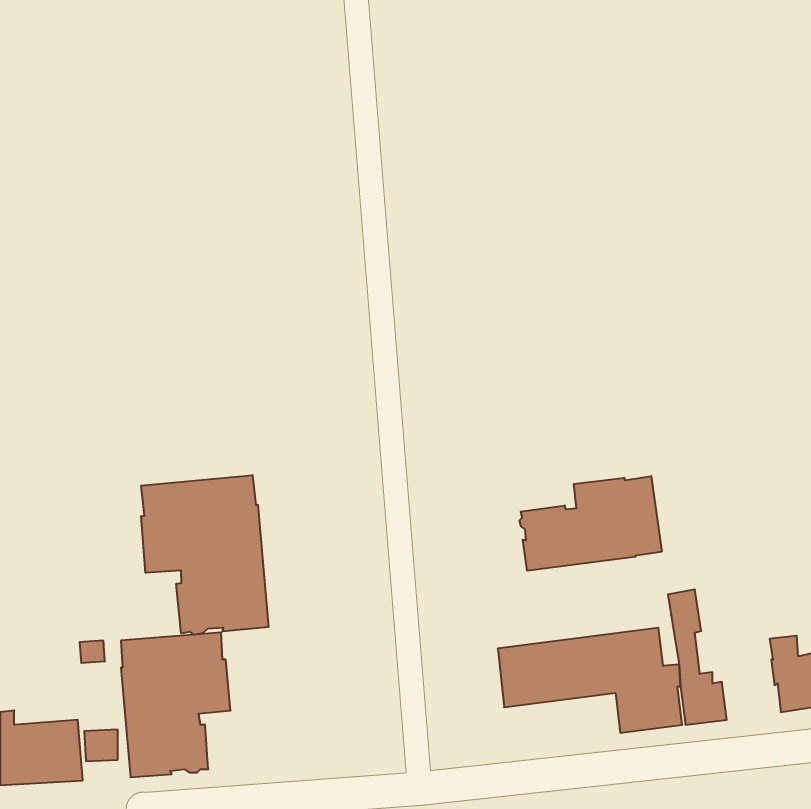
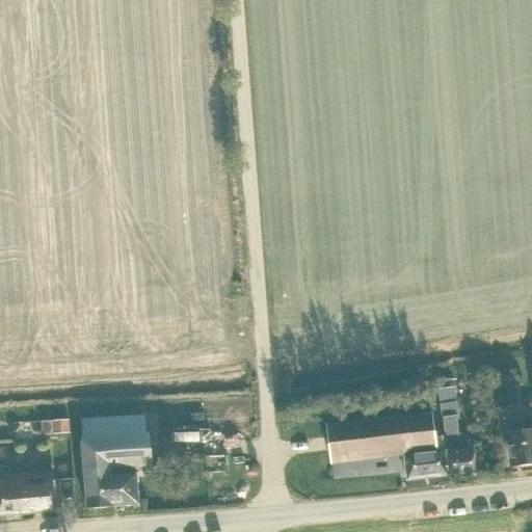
building: [141,475,268,635] -> none
building: [520,476,662,571] -> none

